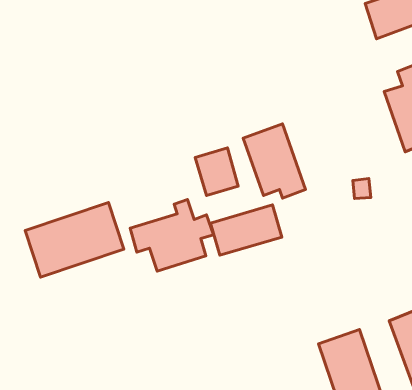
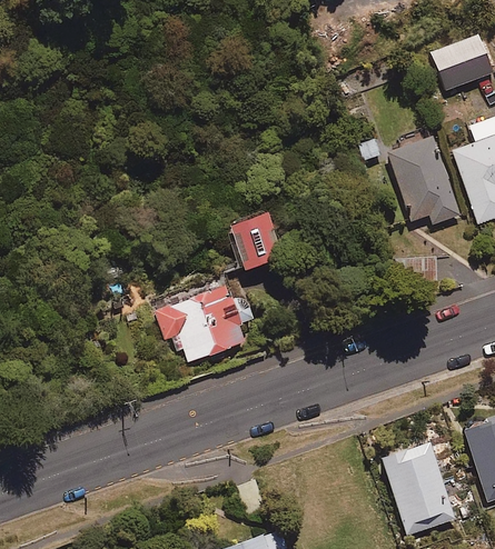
building: [243,124,305,198] -> [388,138,461,224]
building: [25,203,124,277] -> none
building: [211,205,282,255] -> none

